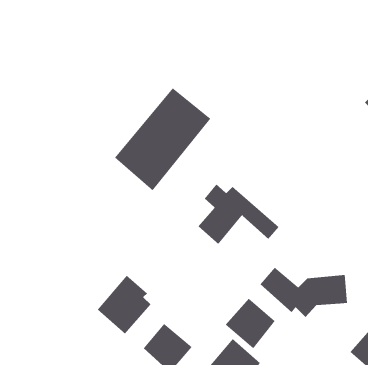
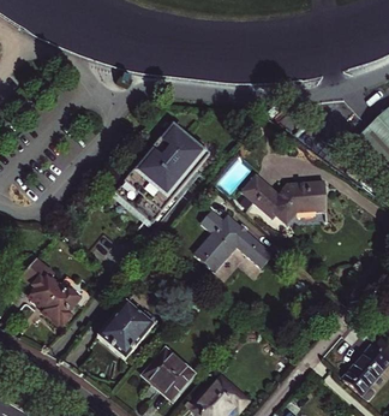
building: none -> [22,257,92,323]
building: [260,267,348,318] -> [246,177,331,226]
building: [225,298,276,349] -> none

